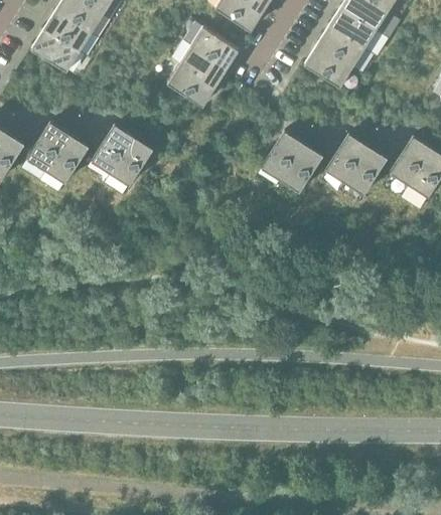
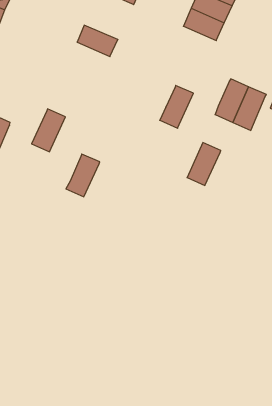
building: [190,27,239,68] -> none
building: [167,64,214,106] -> none
building: [91,124,134,173] -> [66,154,100,197]
building: [280,143,323,192] -> [187,143,221,185]

